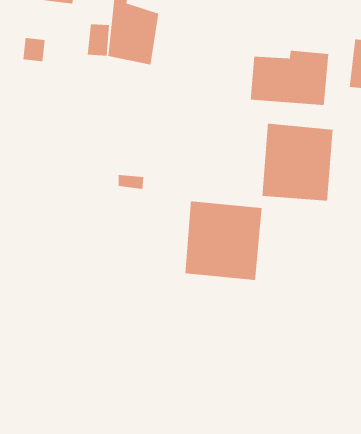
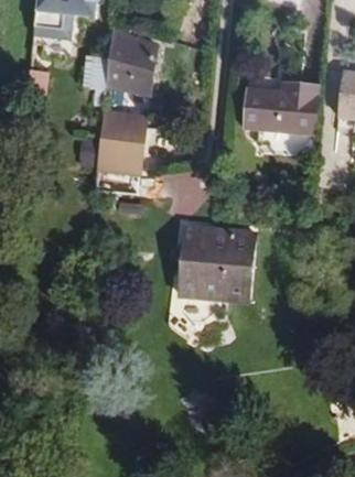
building: none -> [96,110,144,174]
building: [262,123,333,202] -> none

